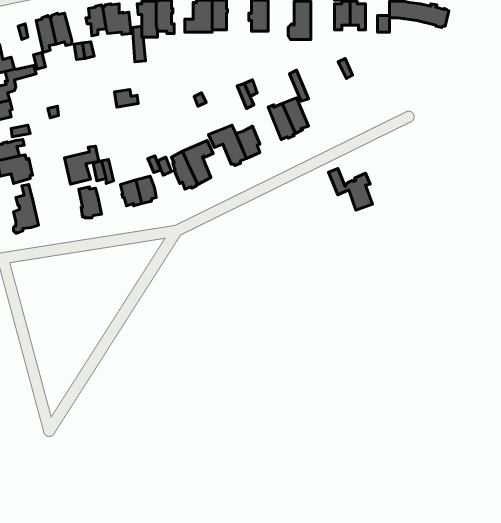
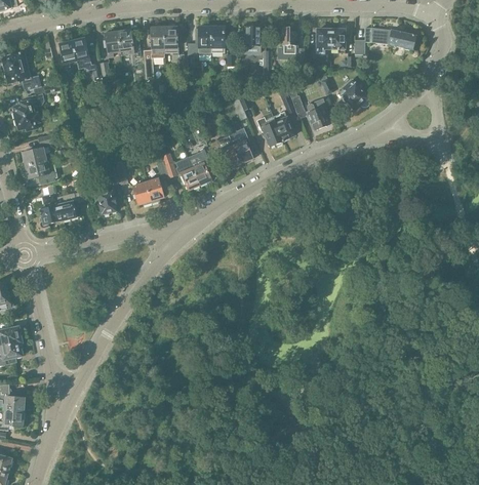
building: none -> [338,81,369,109]
building: [64,146,99,184] -> [56,187,86,219]
building: [328,169,372,210] -> [290,93,328,129]

